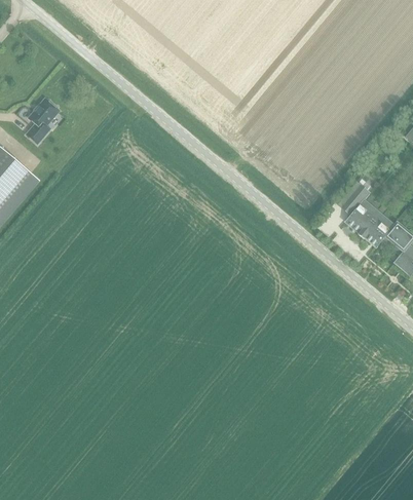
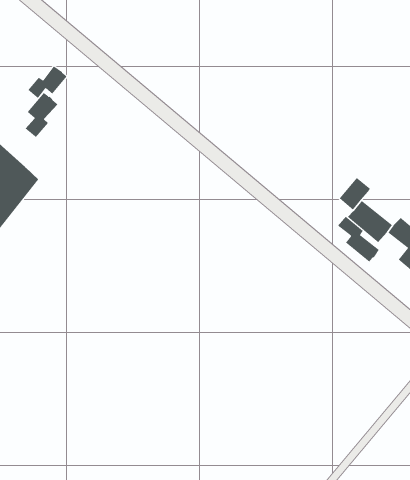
building: none -> [28,66,67,99]
building: none -> [337,216,380,263]

